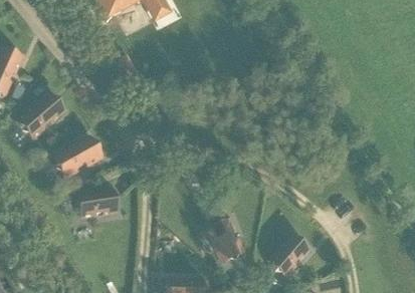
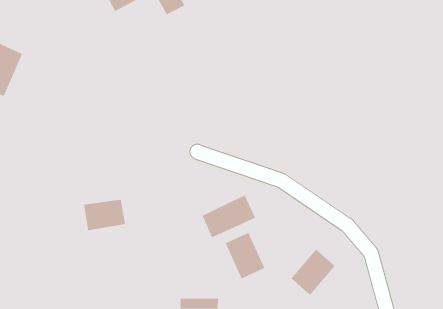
building: [18,91,65,137] -> none
building: [54,134,102,177] -> none
building: none -> [202,195,256,238]

